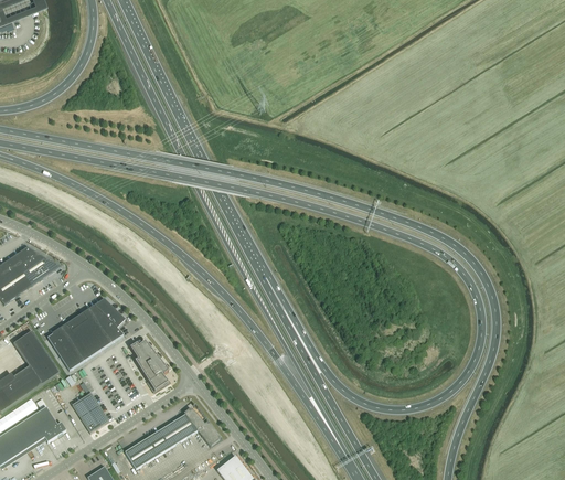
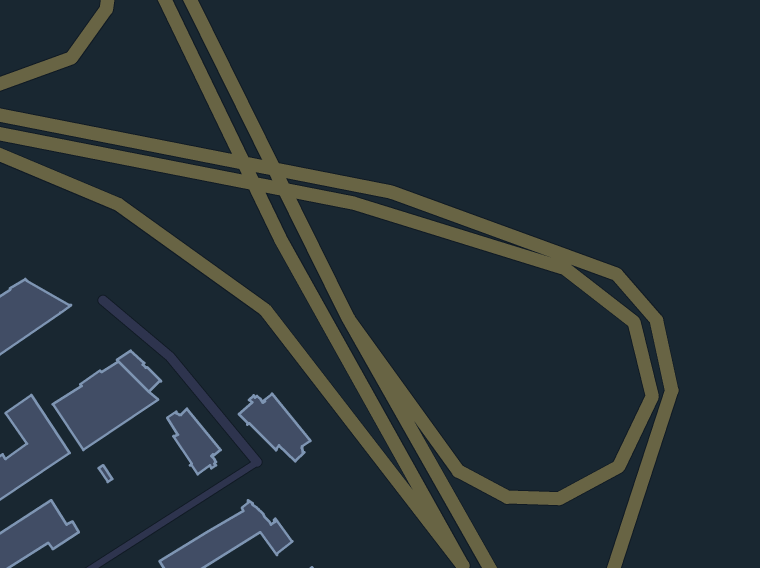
building: none -> [239,394,310,461]
building: [72,393,109,433] -> none

